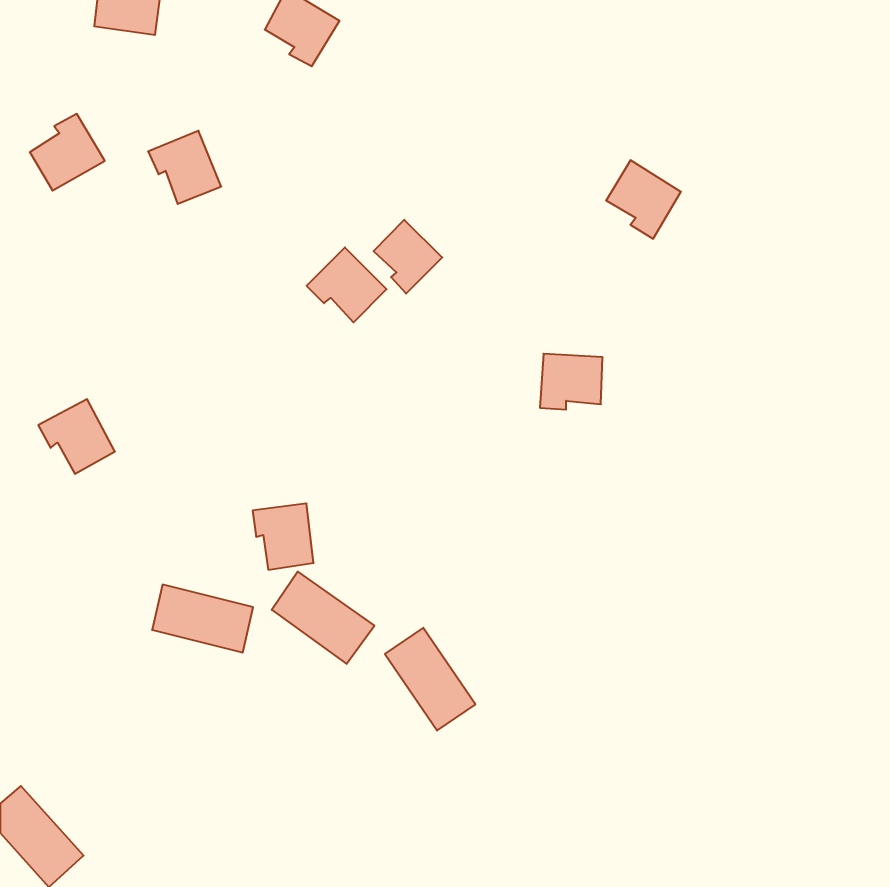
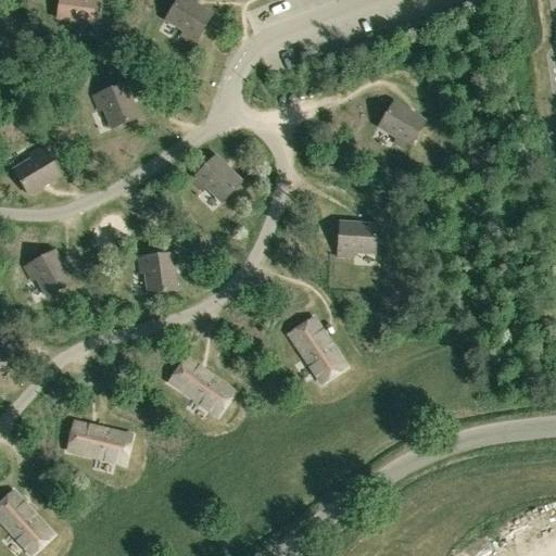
building: [30,114,105,191] -> [13,144,60,192]
building: [374,220,442,294] -> none
building: [253,504,314,570] -> [138,251,176,292]
building: [152,585,253,653] -> [67,420,130,463]
building: [385,628,475,731] -> [289,317,345,381]

